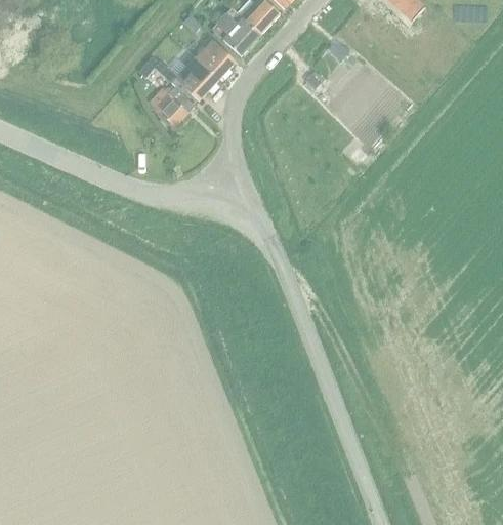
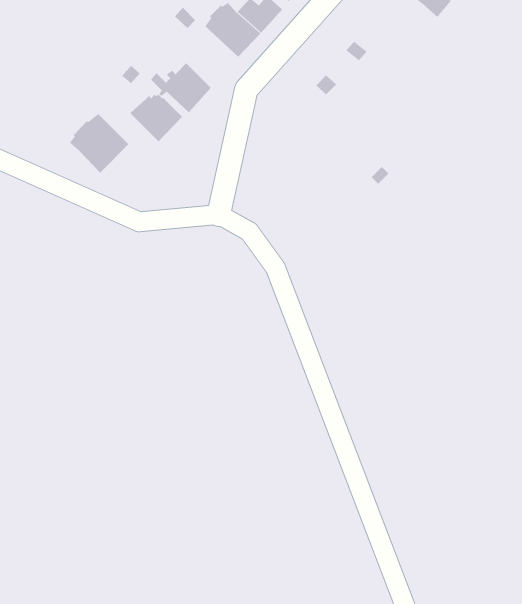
building: [197,36,237,76] -> none
building: none -> [69,113,129,173]

